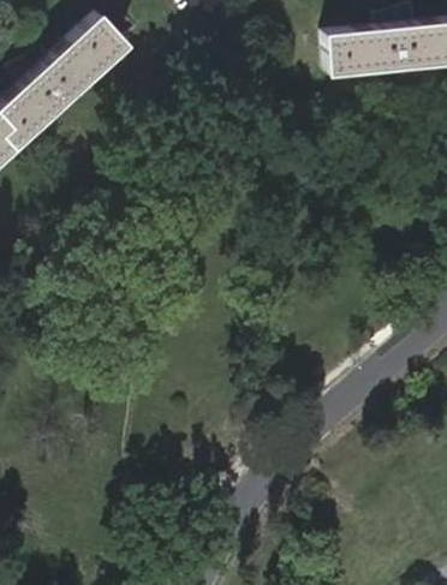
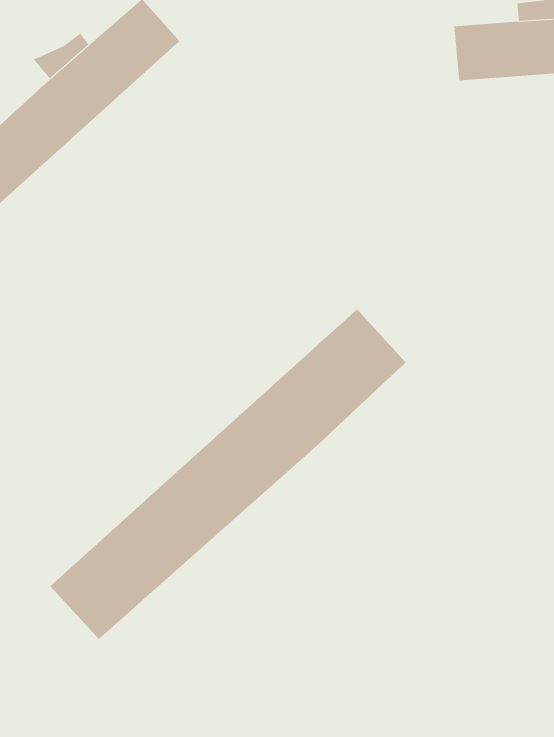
building: none -> [49,309,406,640]

